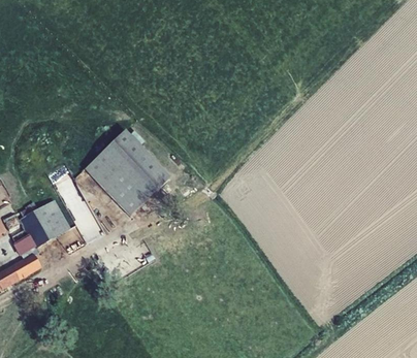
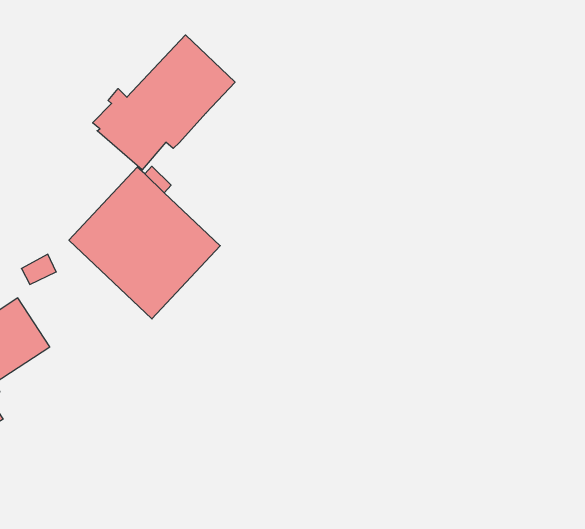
building: none -> [93,35,235,170]

